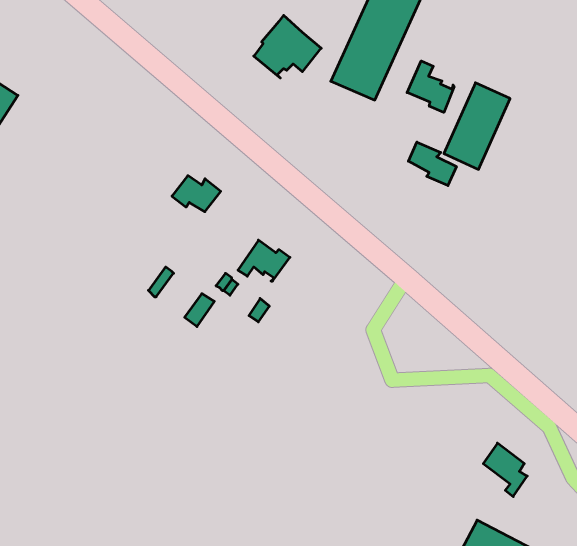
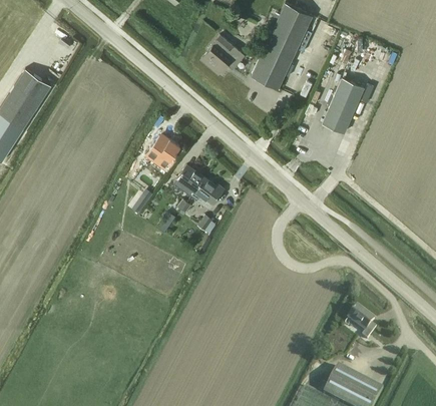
building: [407,61,454,112] -> none
building: [408,142,456,186] -> none
building: none -> [172,166,203,198]

